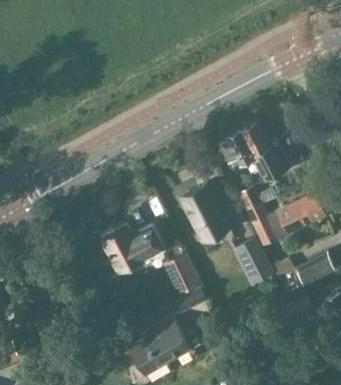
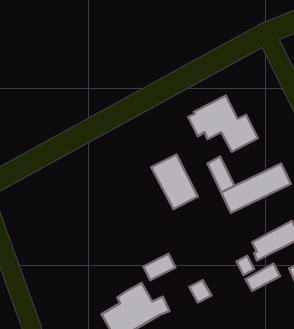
building: [102,227,161,272] -> none
building: [232,238,273,284] -> none
building: [161,254,199,296] -> none

